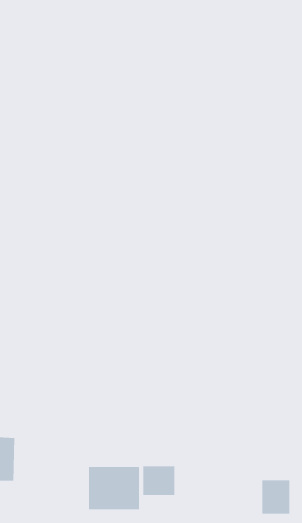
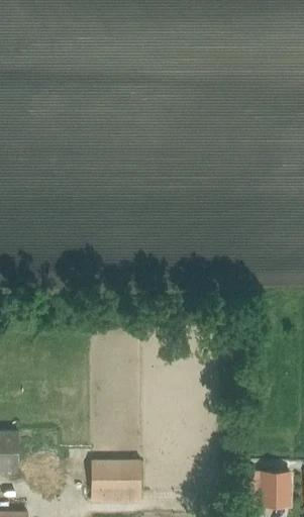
building: [143,465,175,496] -> none

